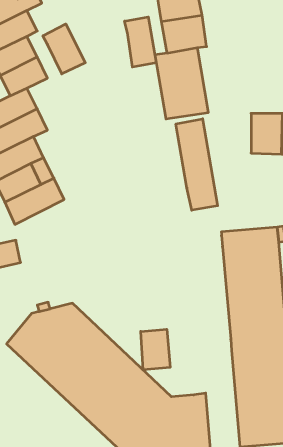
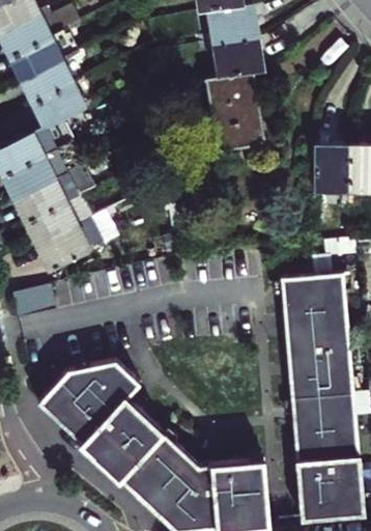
building: [125,17,156,67] -> none
building: [43,24,85,74] -> none
building: [176,119,218,210] -> none
building: [141,329,170,370] -> none

